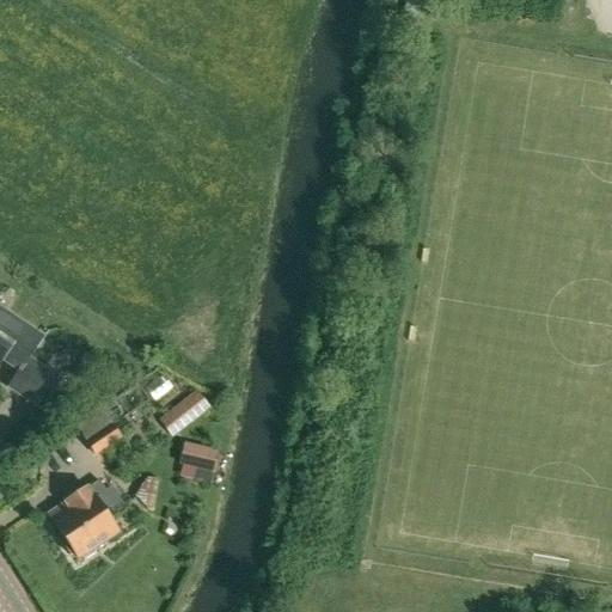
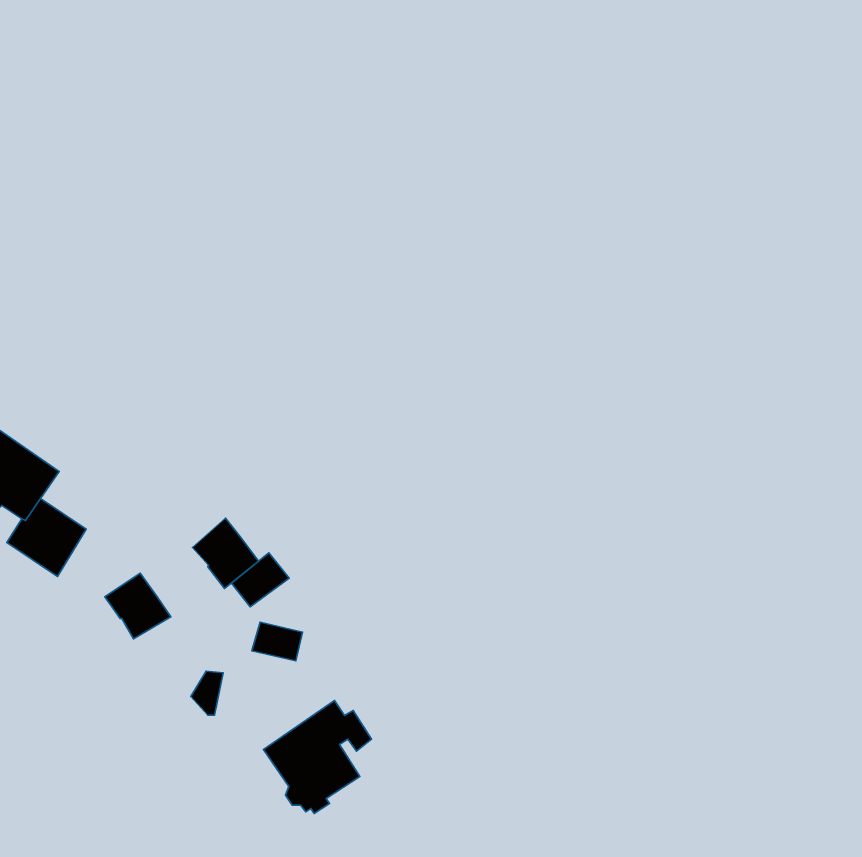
building: none -> [192,518,259,588]
building: [49,477,126,557] -> [263,700,372,814]

